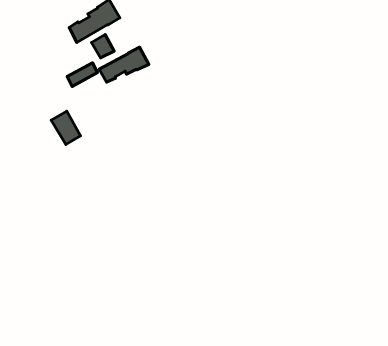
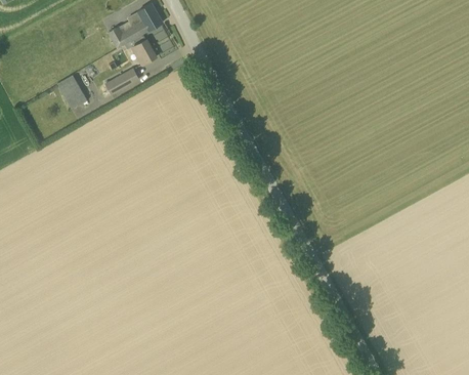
building: [99,47,149,82] -> none
building: [51,111,81,145] -> [56,74,87,109]

